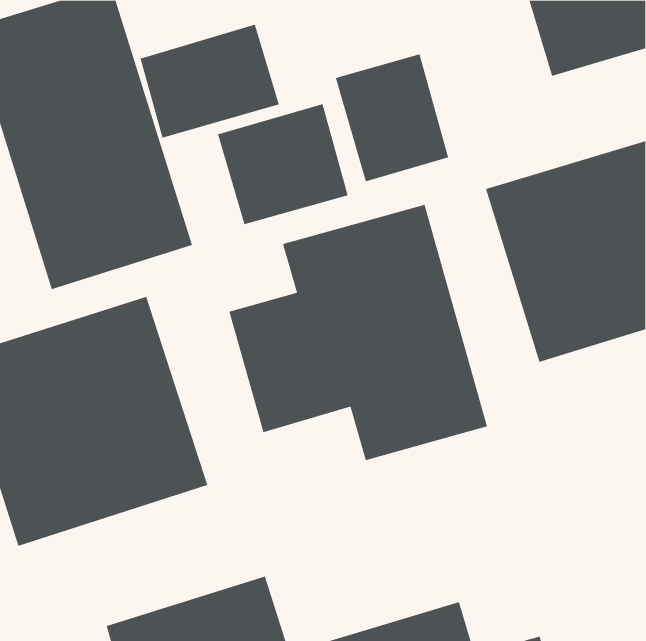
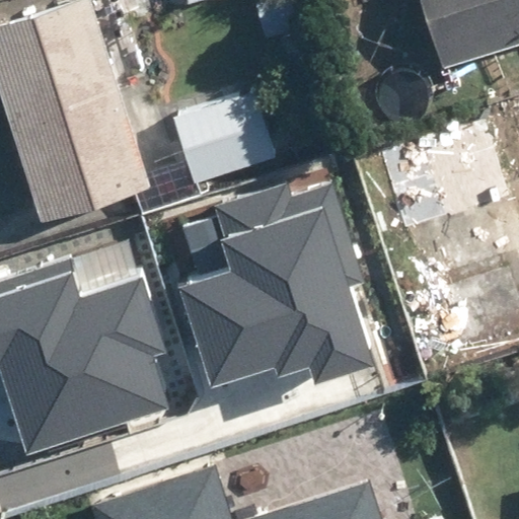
building: [140,24,280,139] -> none
building: [335,53,449,182] -> none

